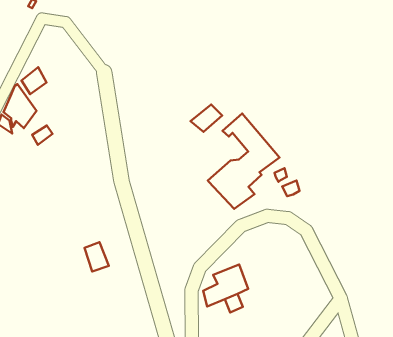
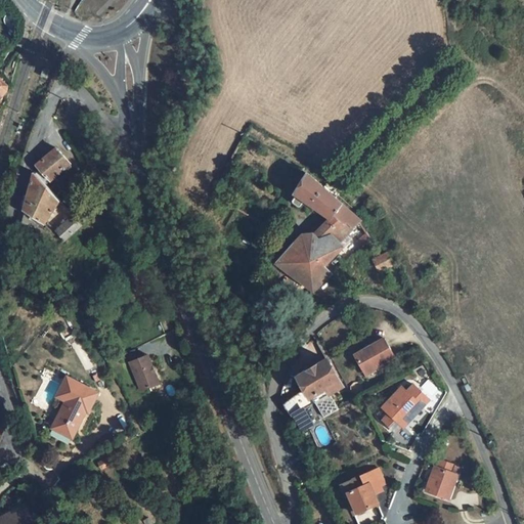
building: [191,105,222,132] -> none
building: none -> [51,374,99,435]
building: none -> [351,340,389,373]
building: none -> [382,385,427,428]

